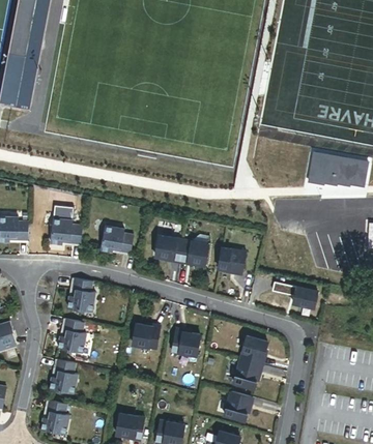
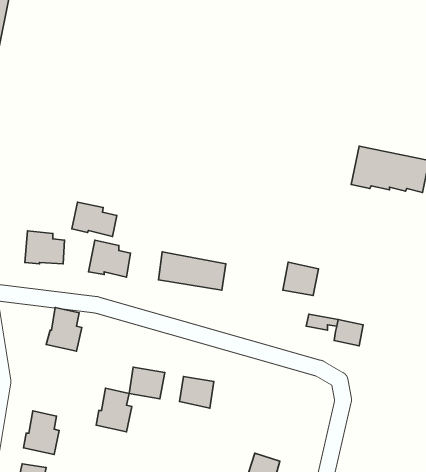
building: none -> [72,202,117,236]
building: [219,246,247,272] -> [283,262,318,295]
building: [58,318,86,352] -> [96,388,132,432]
building: [233,335,267,388] -> none

